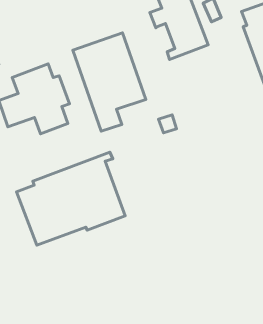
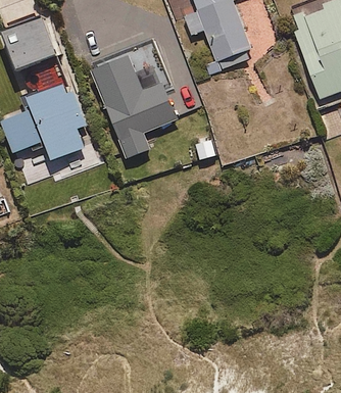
building: [17,152,125,245] -> none

